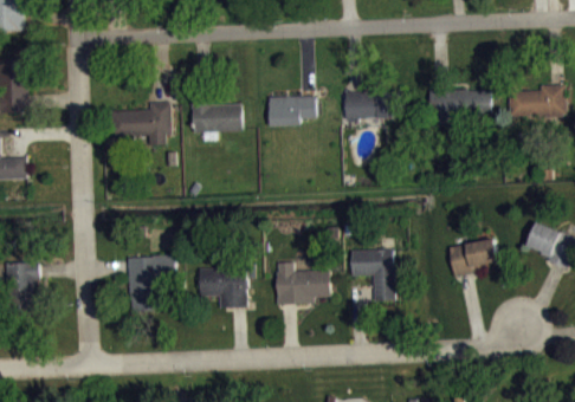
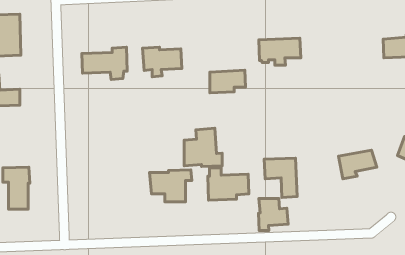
building: [428,89,492,129] -> none
building: [267,95,315,124] -> [210,70,246,93]
building: none -> [184,128,222,167]
building: [127,255,175,312] -> none
building: none -> [258,198,288,230]

